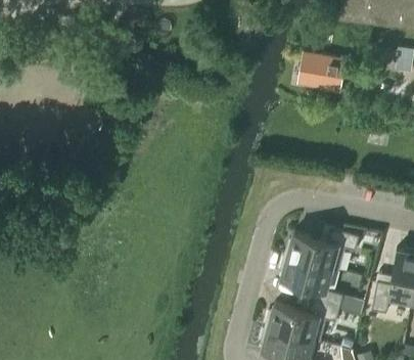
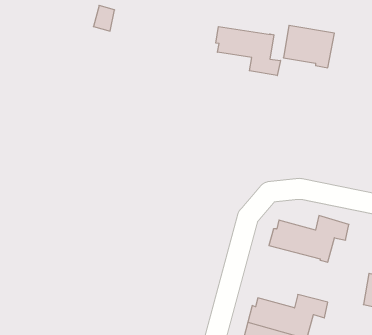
building: none -> [216,27,280,76]
building: [281,259,343,311] -> none

